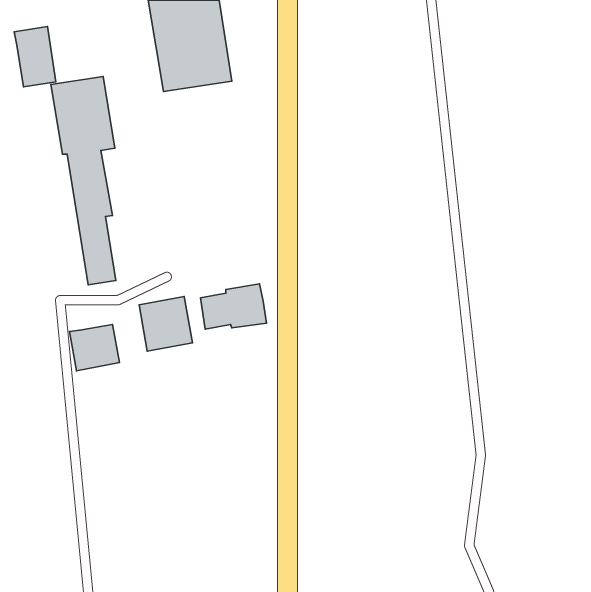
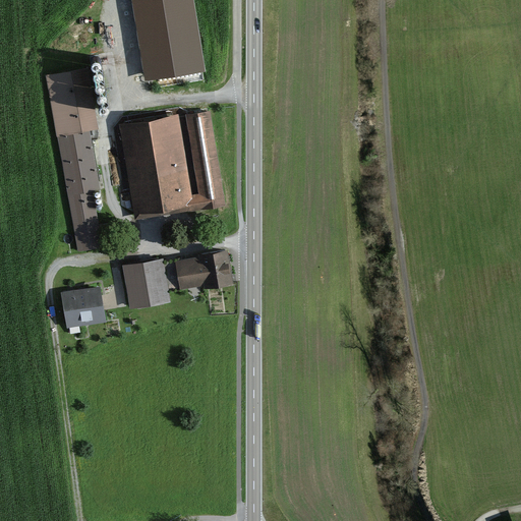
building: [14,27,56,87] -> none
building: none -> [118,112,223,220]

